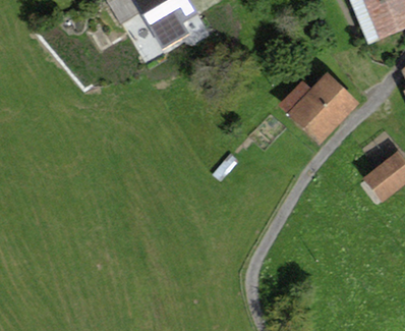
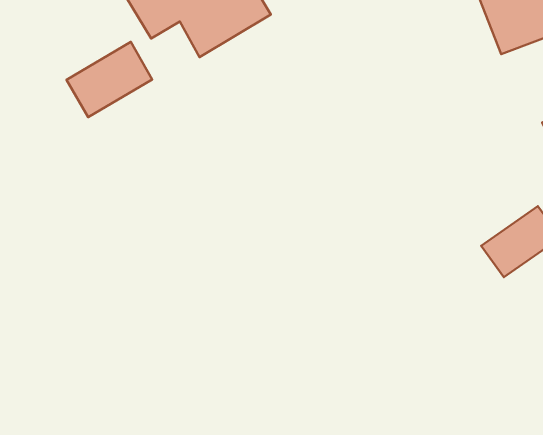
building: none -> [67,42,152,117]
building: [282,73,355,147] -> none

